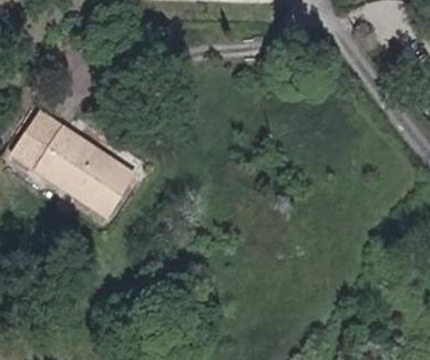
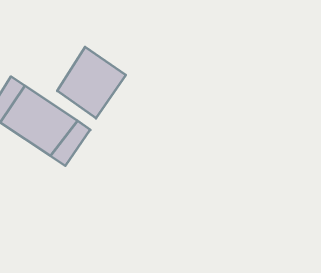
building: none -> [57,47,126,118]

